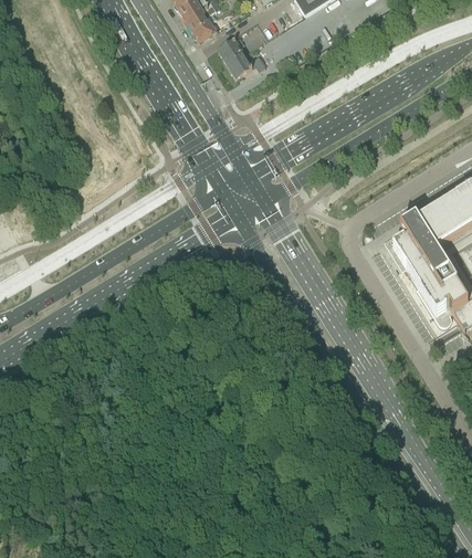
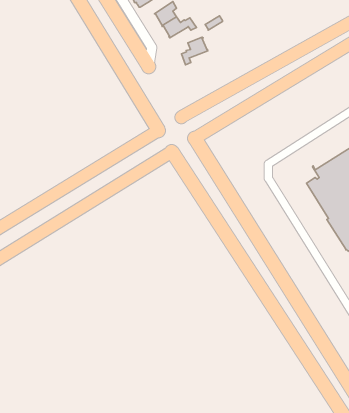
building: none -> [182,37,208,65]

